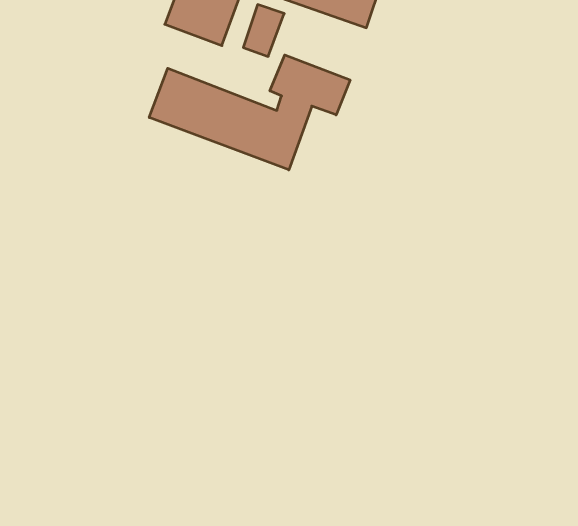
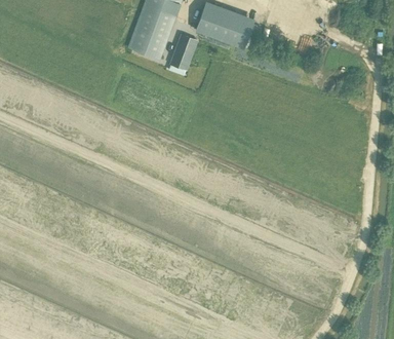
building: [149,55,350,170] -> none

